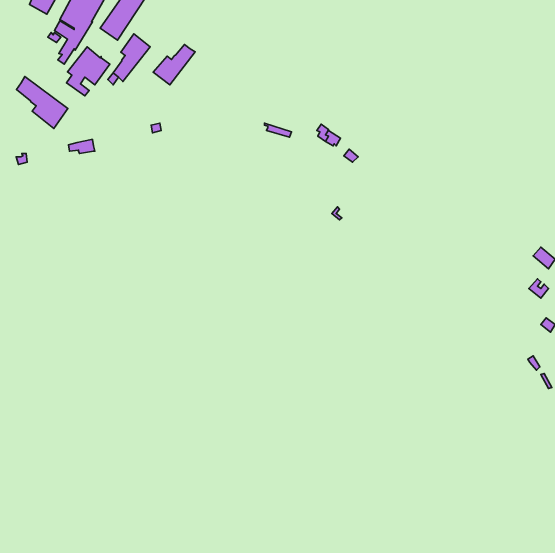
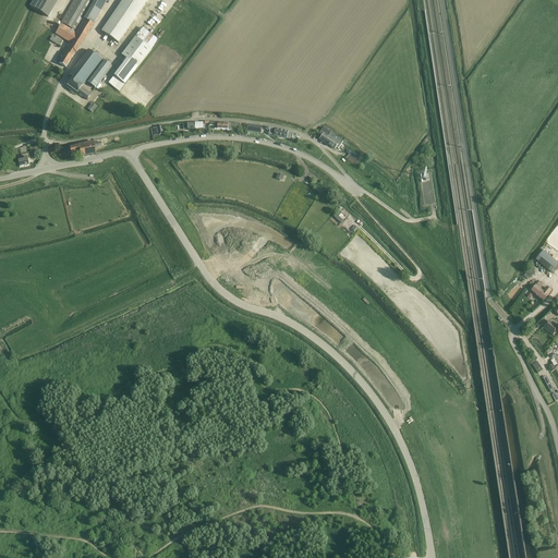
building: [153,45,195,85] -> none
building: [16,77,68,128] -> none

